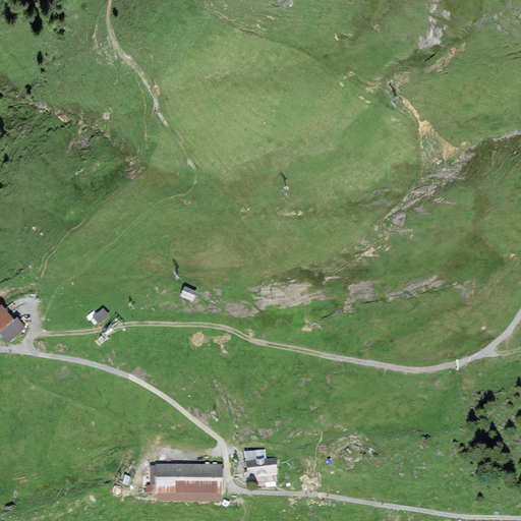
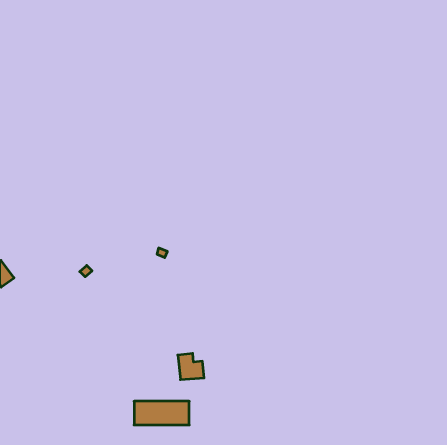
building: [244,450,275,480] -> [178,353,204,380]

